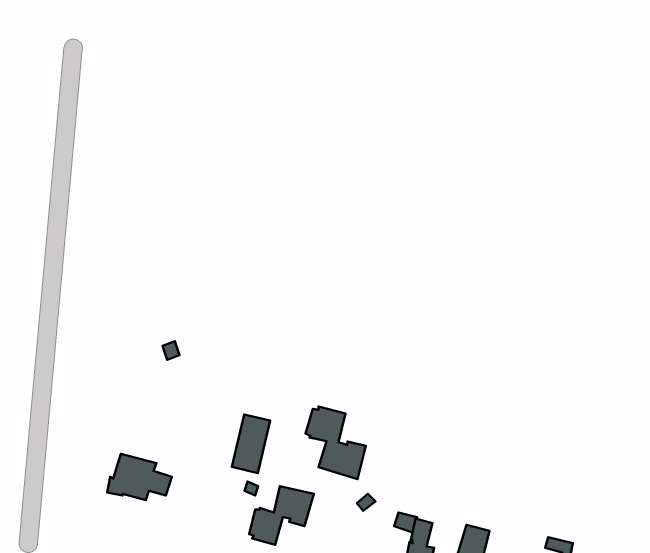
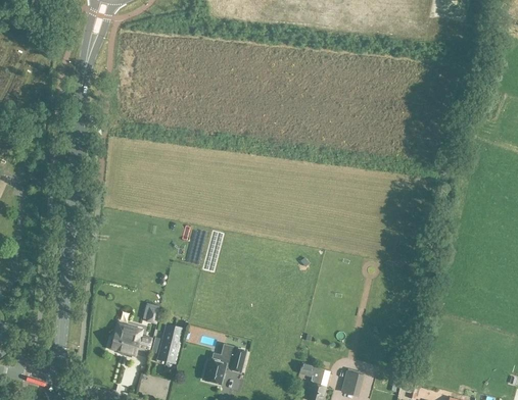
building: [306,406,366,479] -> none
building: [232,414,270,473] -> [156,324,182,363]

